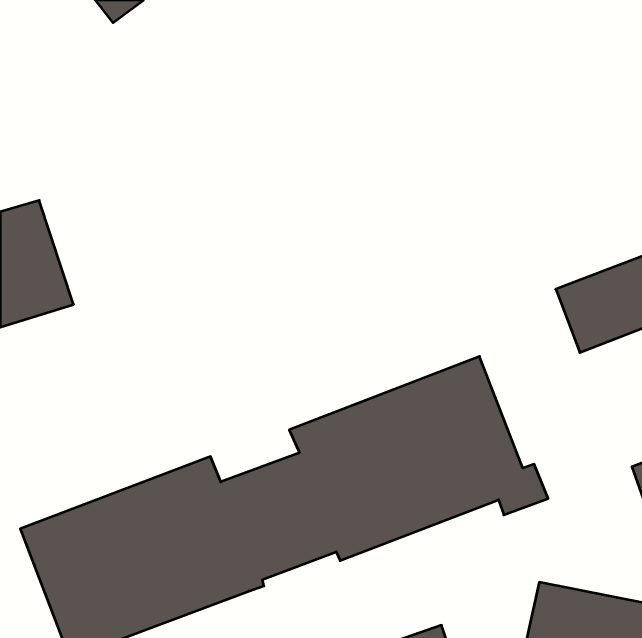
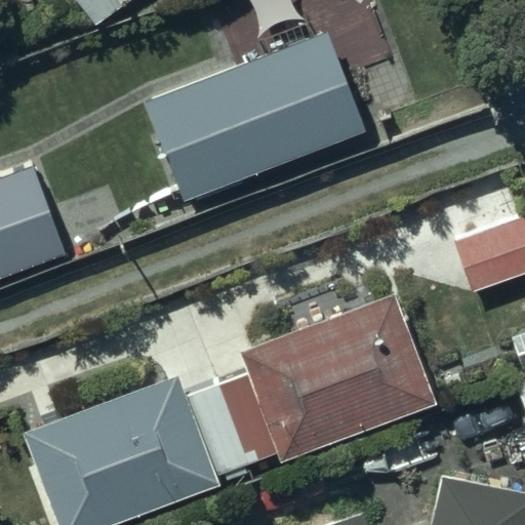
building: none -> [144,33,366,204]

